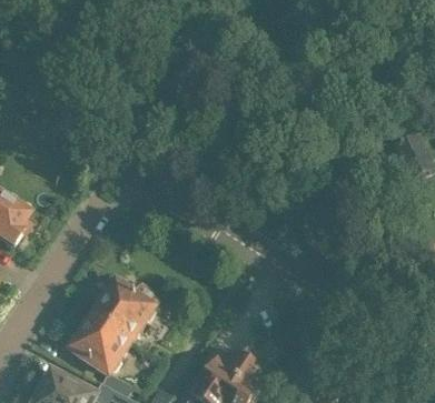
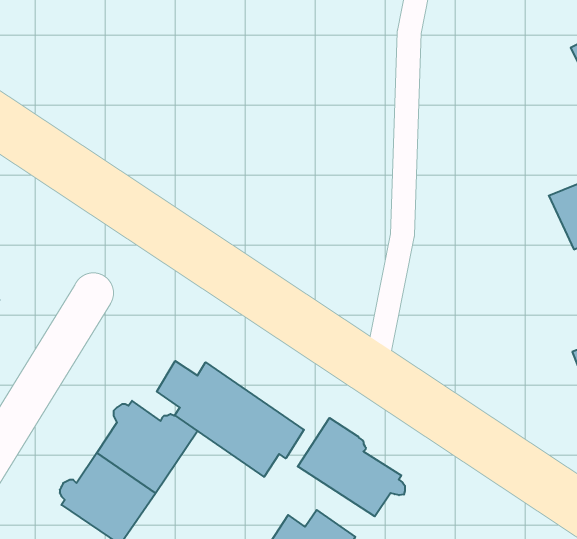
building: none -> [157,361,304,477]
building: none -> [298,418,405,516]

